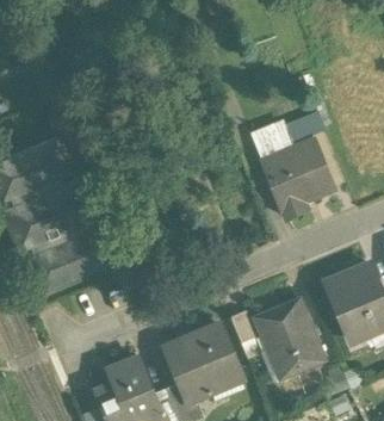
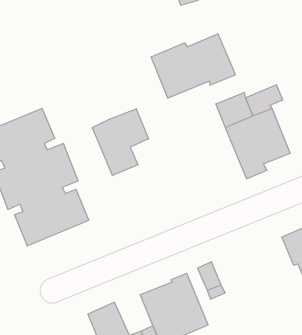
building: none -> [151,34,235,98]
building: none -> [92,109,149,176]
building: [253,298,324,377] -> none

